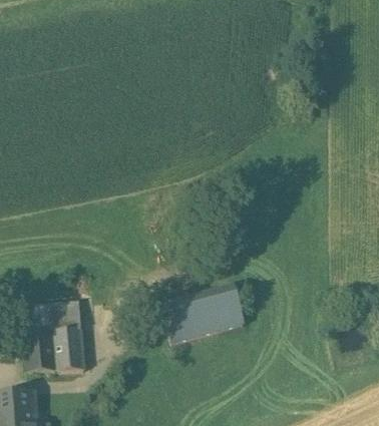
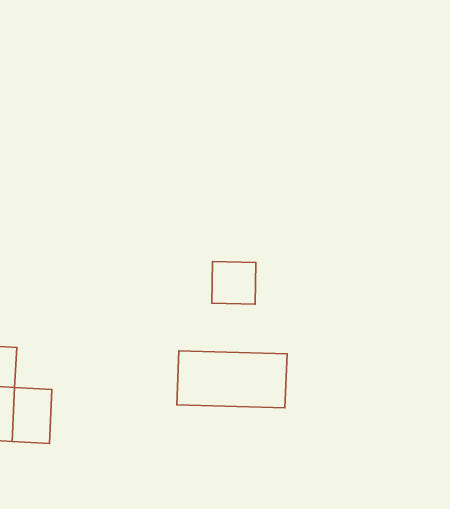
building: none -> [212,261,256,304]
building: [53,302,81,332] -> none

